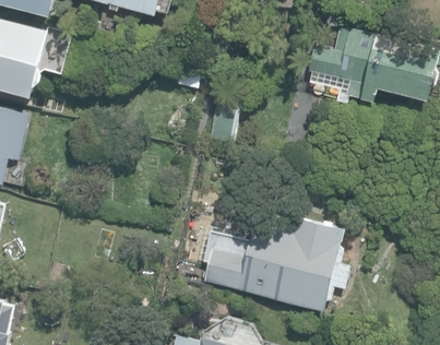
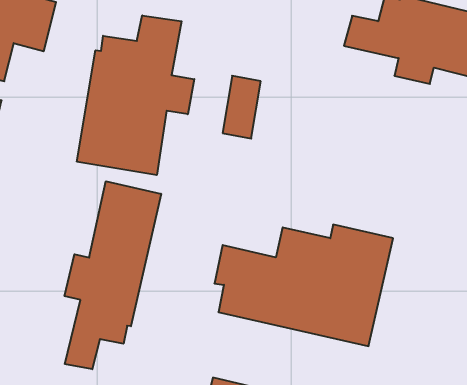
building: none -> [77,15,194,175]
building: none -> [65,181,161,369]

